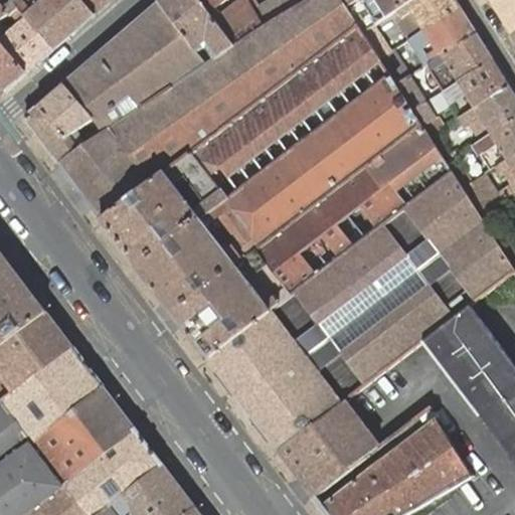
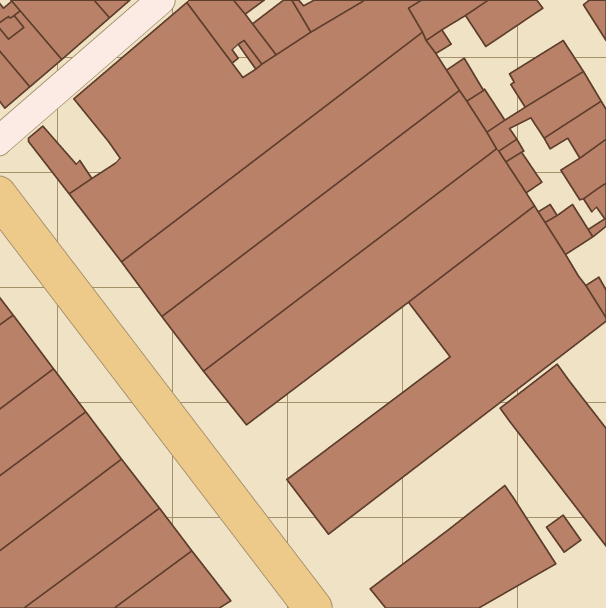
building: [408,7,476,65] -> none
building: [36,83,102,151] -> none
building: [208,255,380,405] -> none
building: [278,401,378,498] -> none

